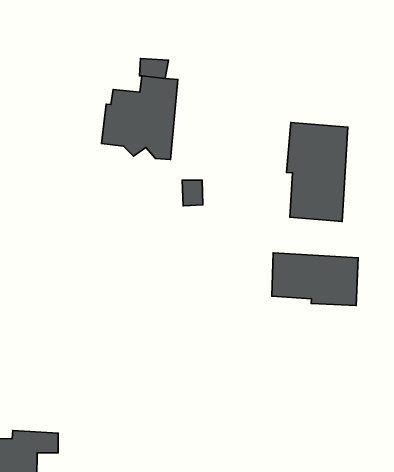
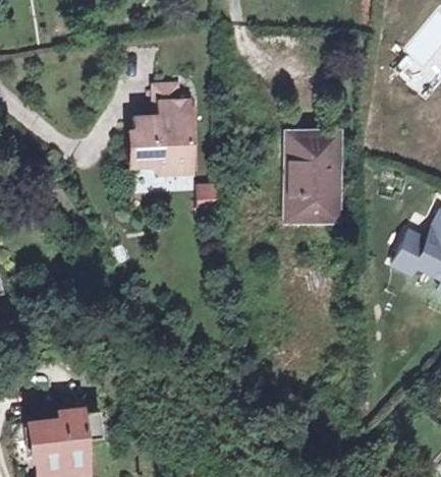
building: [272,253,358,305] -> none

